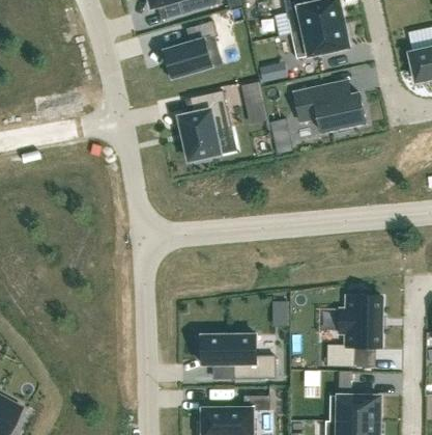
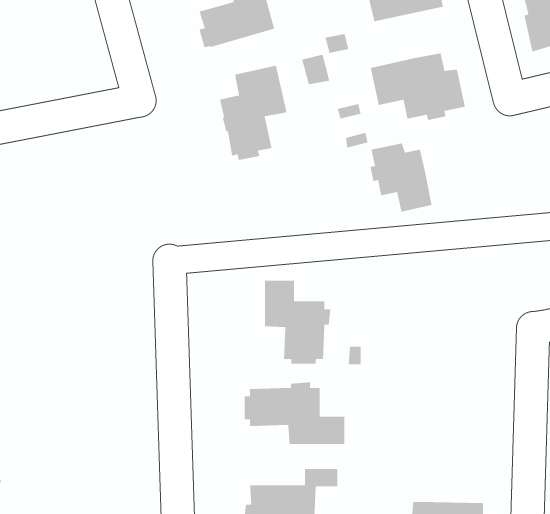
building: none -> [369,142,433,212]
building: none -> [264,280,331,365]
building: [327,296,384,366] -> none
building: [330,371,381,422] -> none

